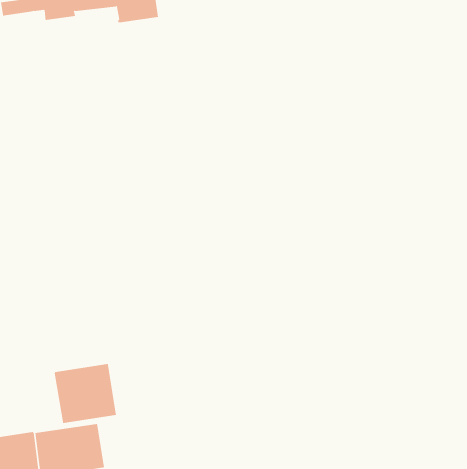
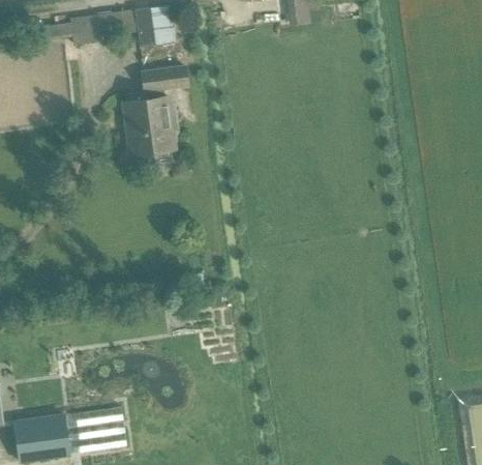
building: none -> [122,66,186,153]
building: [54,363,116,424] -> none

